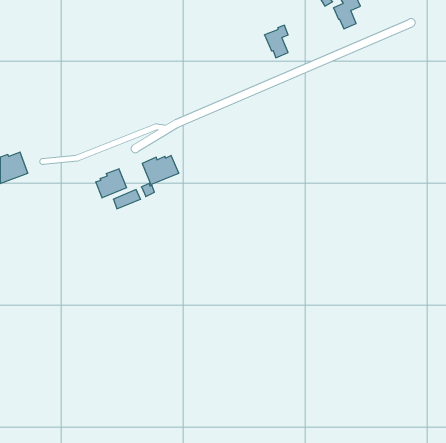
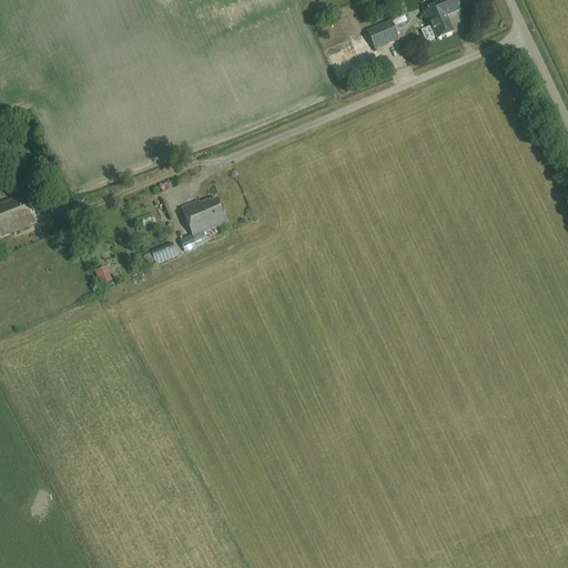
building: none -> [367,12,405,47]
building: [96,169,127,198] -> none

